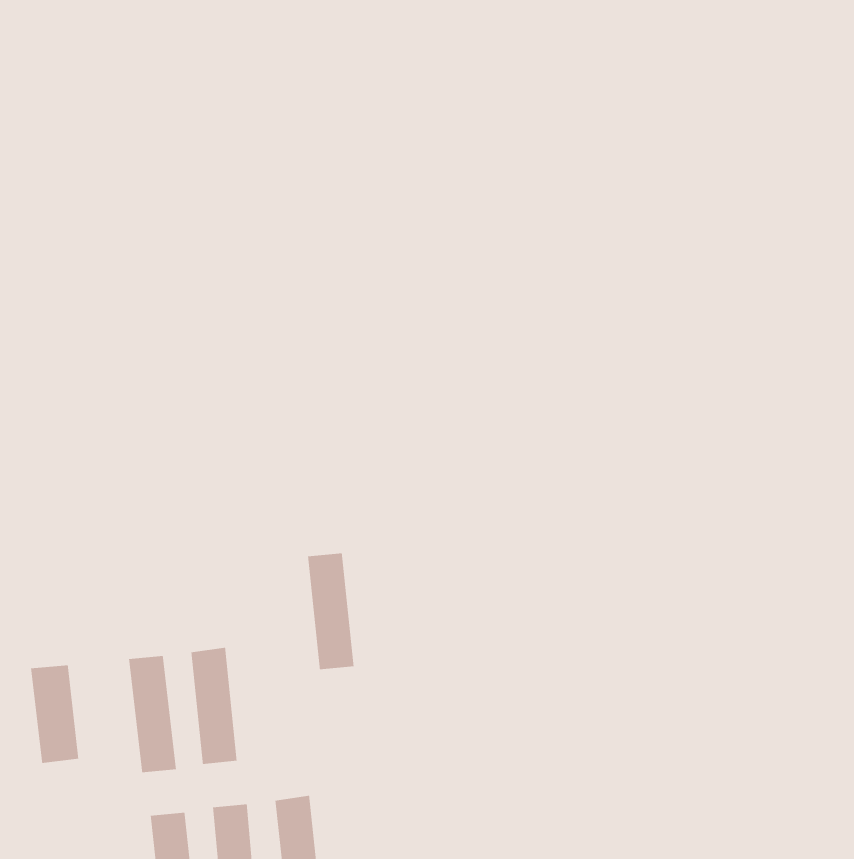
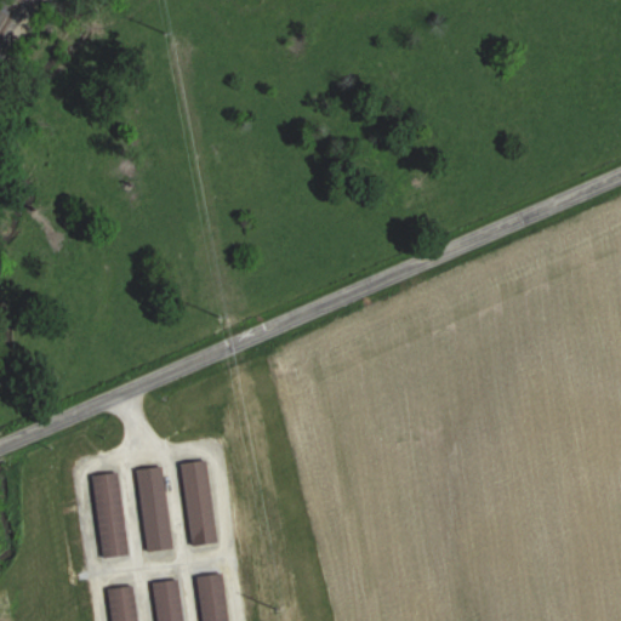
building: [307,552,354,670] -> [182,461,216,546]
building: [30,665,79,764] -> none

